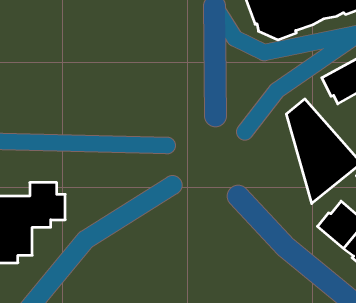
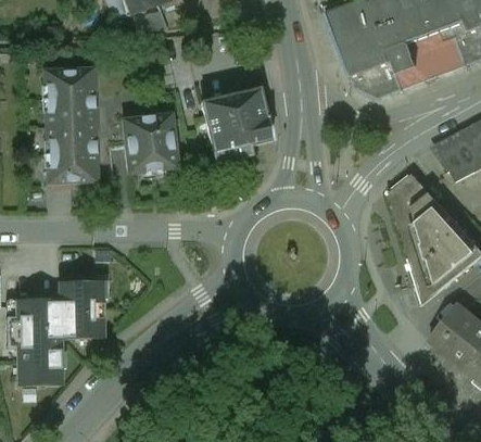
building: none -> [43,68,97,182]
building: none -> [201,88,273,163]
building: none -> [122,113,178,173]

